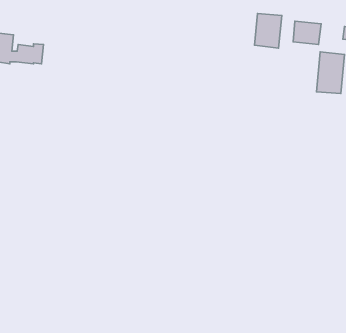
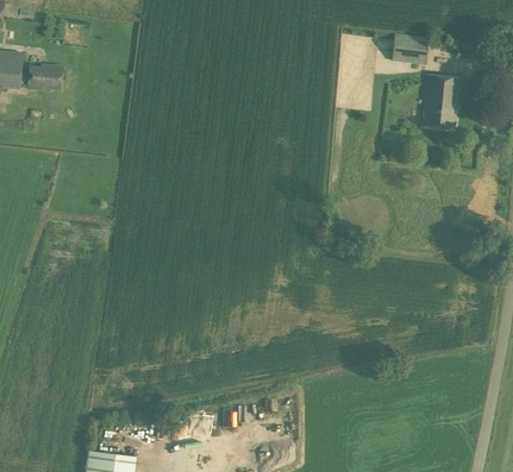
building: [254,13,282,48] -> none

